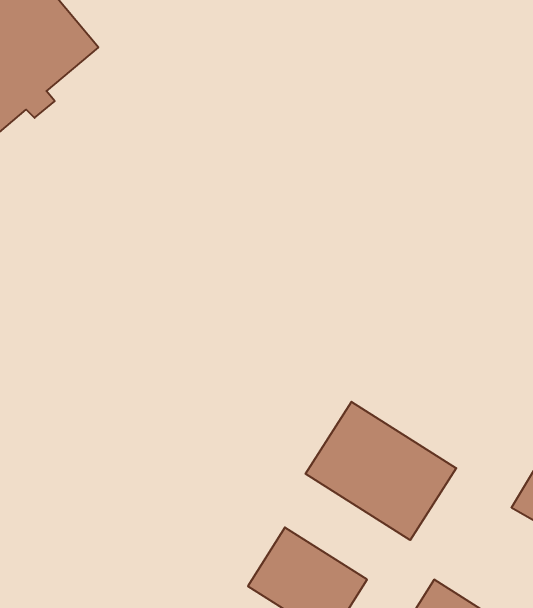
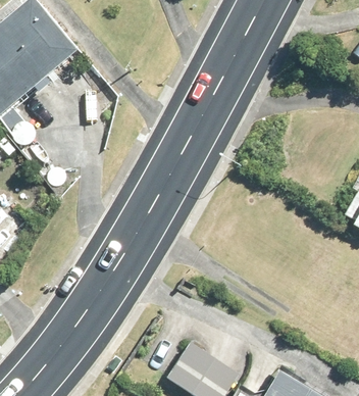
building: [306,402,456,540] -> none

